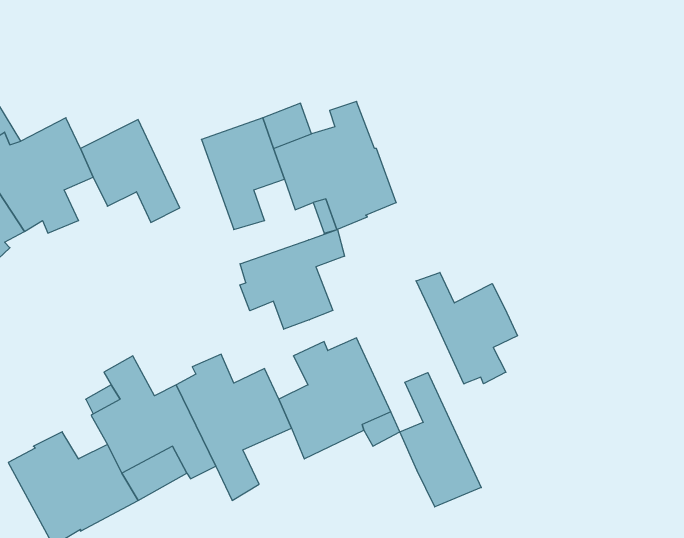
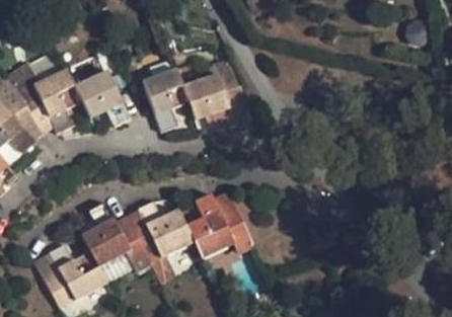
building: [240,229,345,329] -> none
building: [416,272,518,384] -> none
building: [400,373,481,507] -> none

